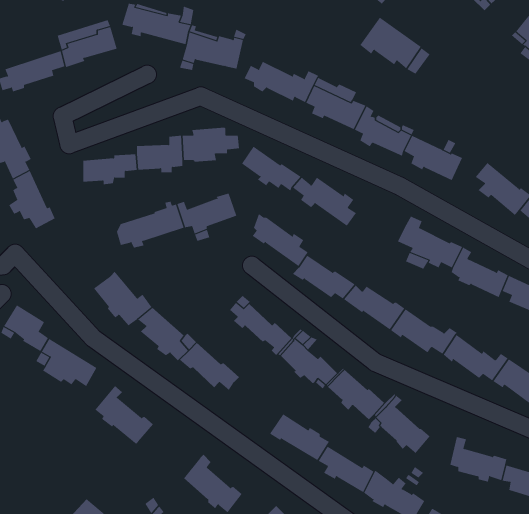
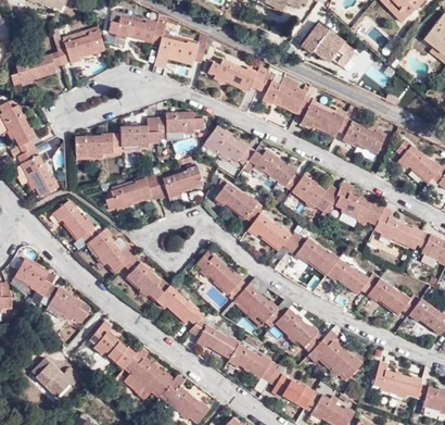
building: none -> [292,177,338,216]
building: none -> [54,200,100,242]
building: none -> [191,318,241,358]
building: none -> [124,347,173,396]
building: none -> [35,357,79,396]

